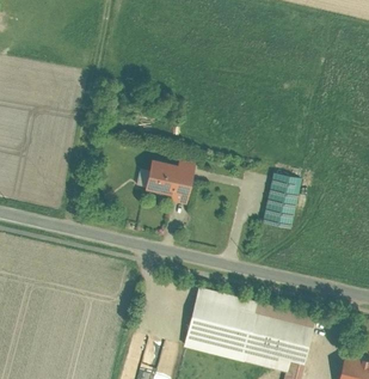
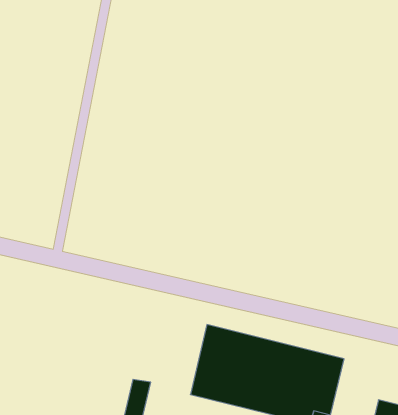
building: [144,158,196,206] -> none
building: [262,172,302,230] -> none

